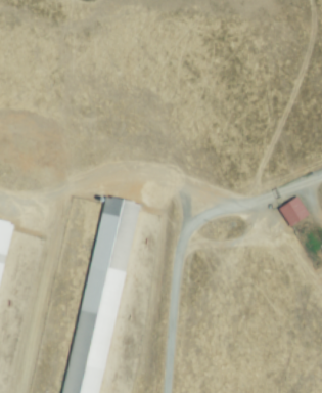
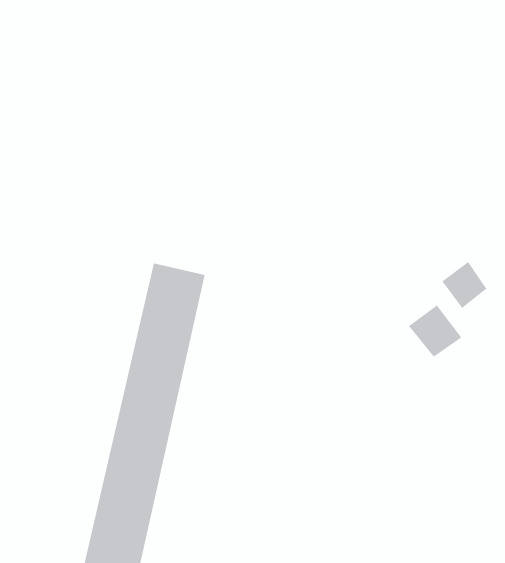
building: none -> [408,304,462,358]

